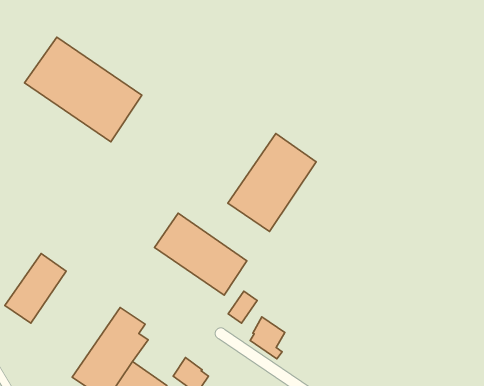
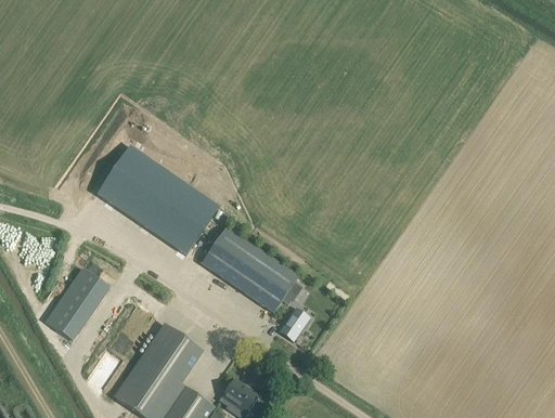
building: [24,37,142,142] -> [95,145,218,254]
building: [228,133,316,231] -> none
building: [250,317,285,359] -> none

